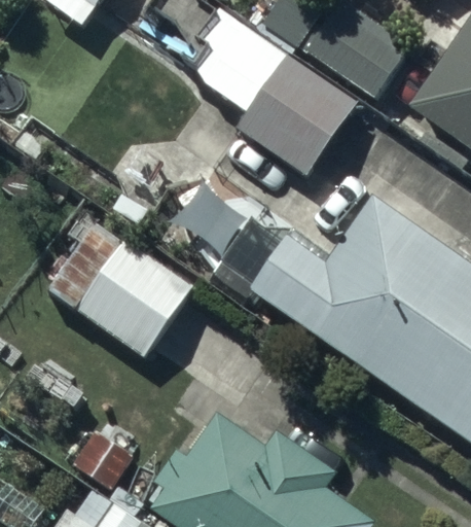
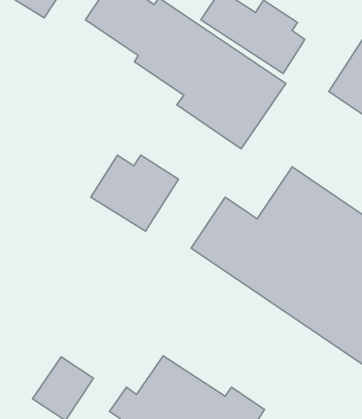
building: [77,241,196,360] -> none

